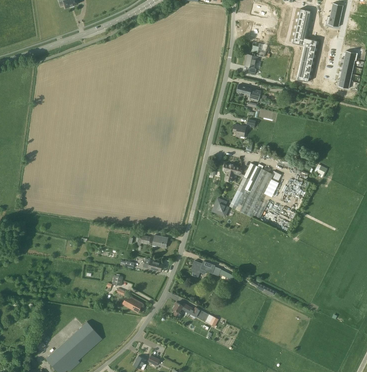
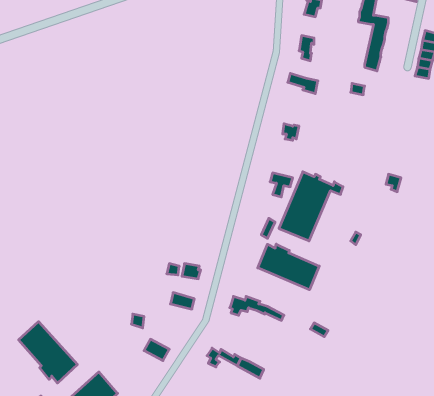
building: none -> [258,244,319,290]
building: none -> [19,322,77,383]

